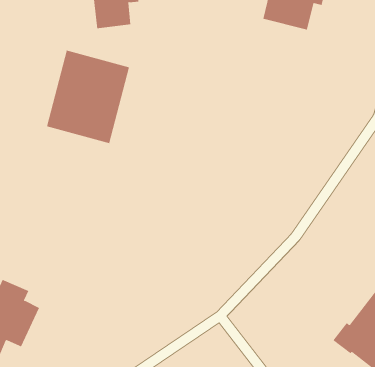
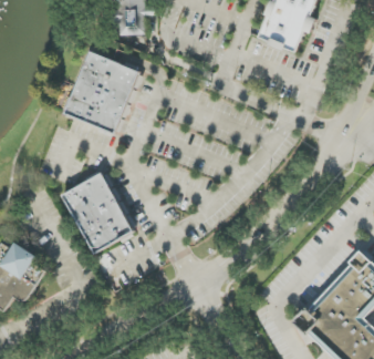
building: none -> [61,173,133,253]

